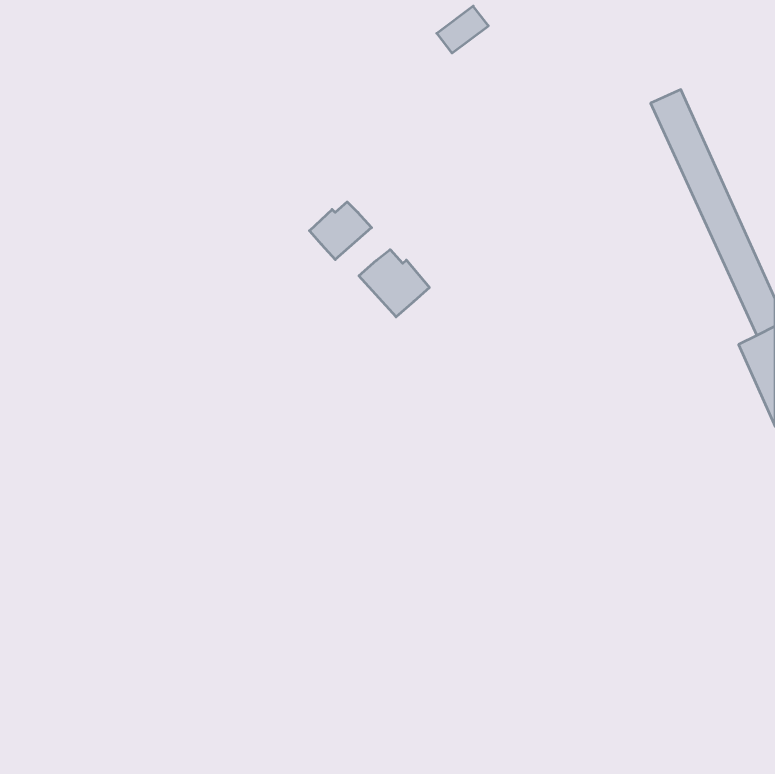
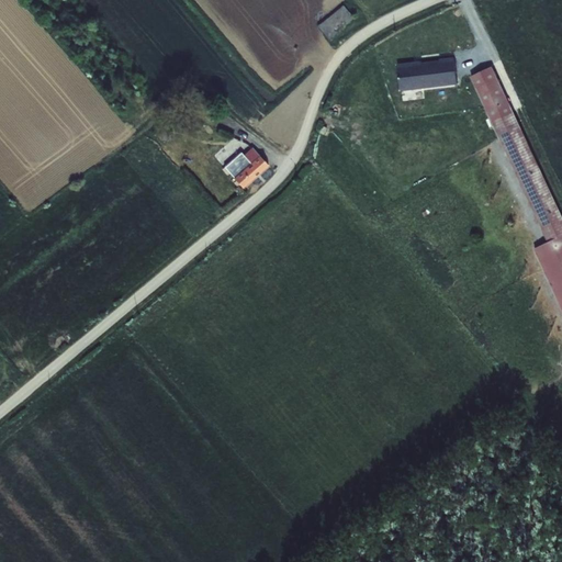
building: none -> [396,57,458,91]
building: [359,250,429,317] -> none

